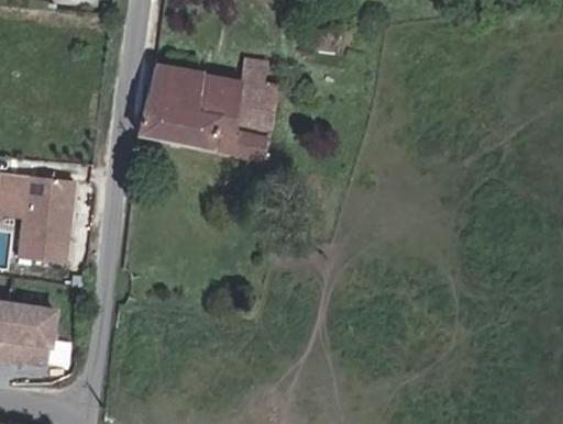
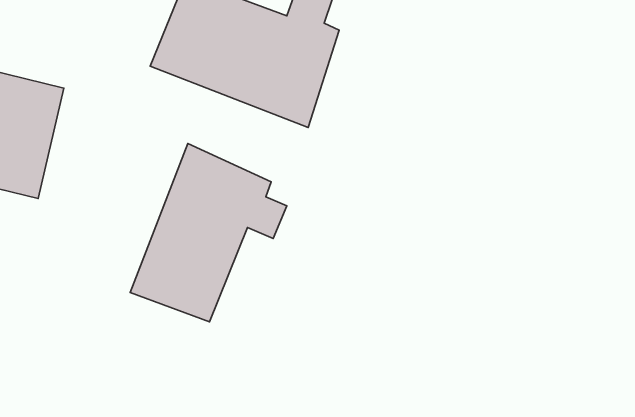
building: none -> [130,143,287,322]

